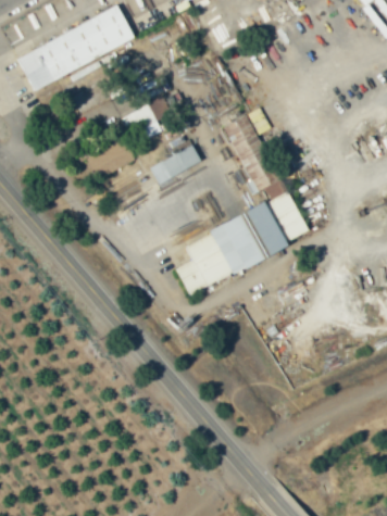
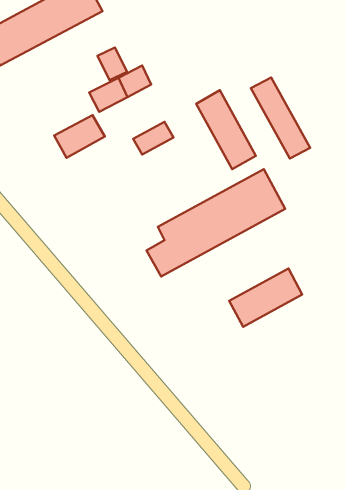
building: none -> [97,47,127,80]
building: none -> [251,77,310,159]
building: none -> [229,269,302,327]

